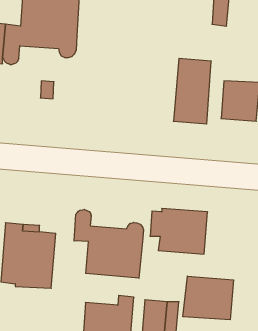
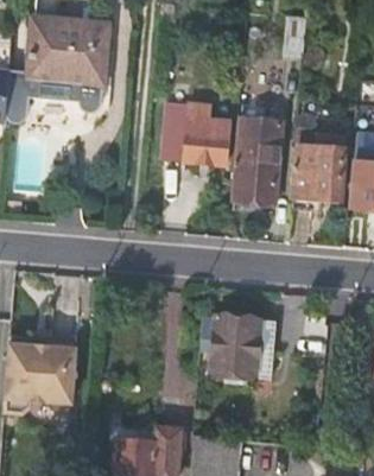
building: none -> [169,110,230,164]
building: [74,209,144,278] -> none
building: [183,276,233,320] -> none

